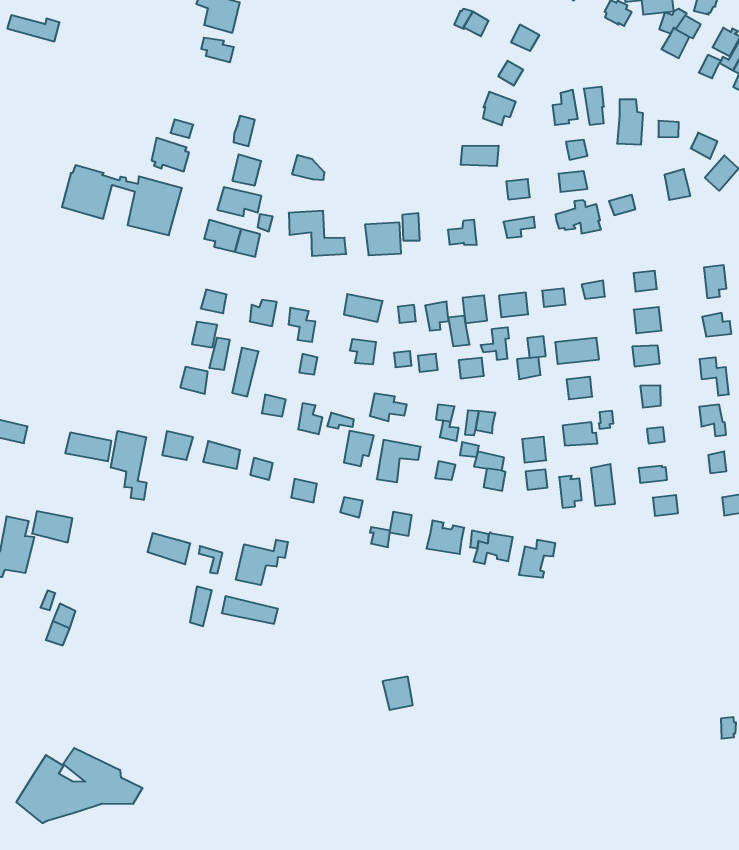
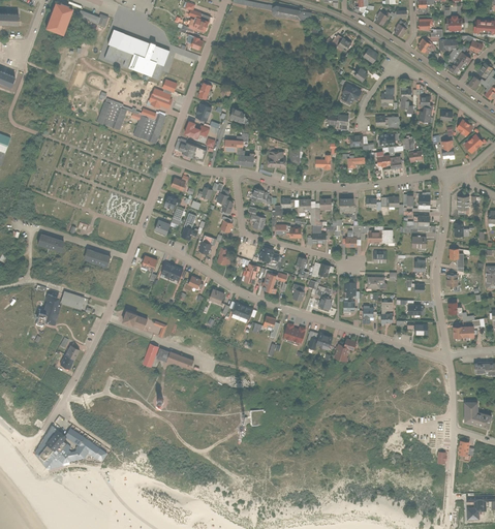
building: none -> [104,28,169,76]
building: [111,431,147,500] -> none
building: [236,540,288,585] -> none

